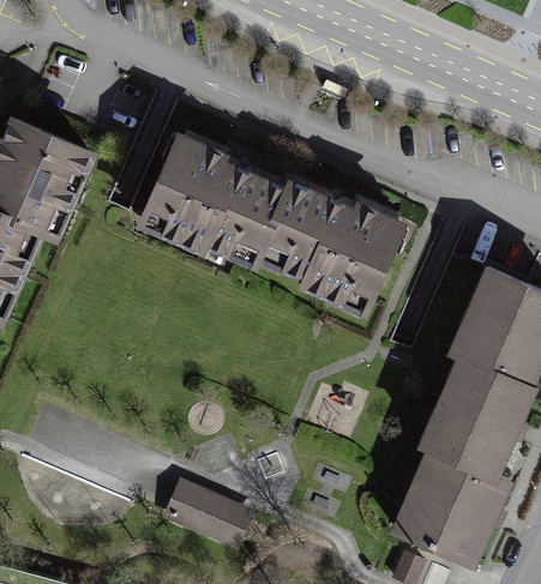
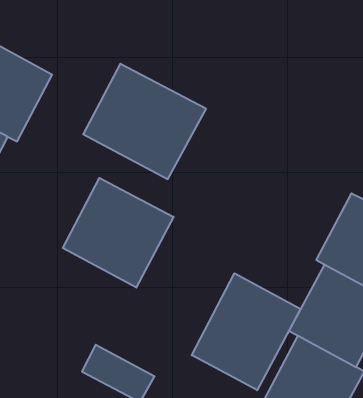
building: [252,174,403,313] -> none
building: none -> [63,178,174,288]
building: none -> [192,273,300,390]

